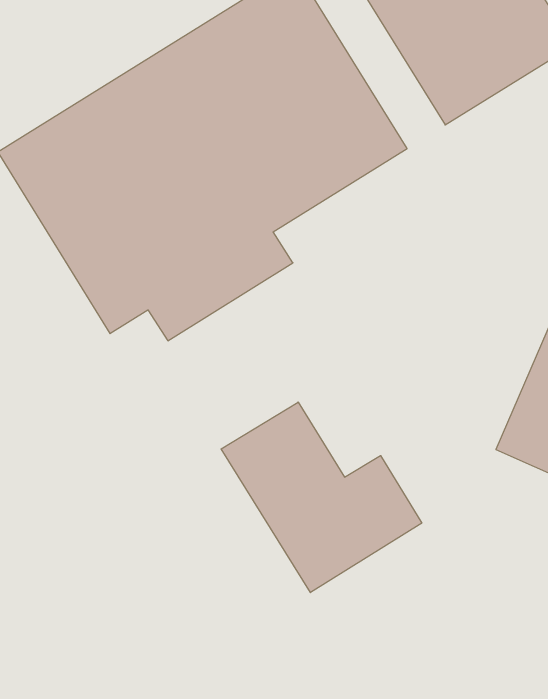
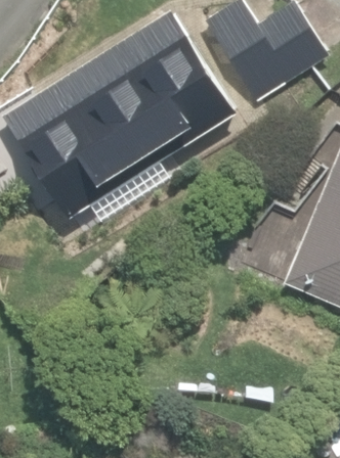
building: [221,402,422,593] -> none

